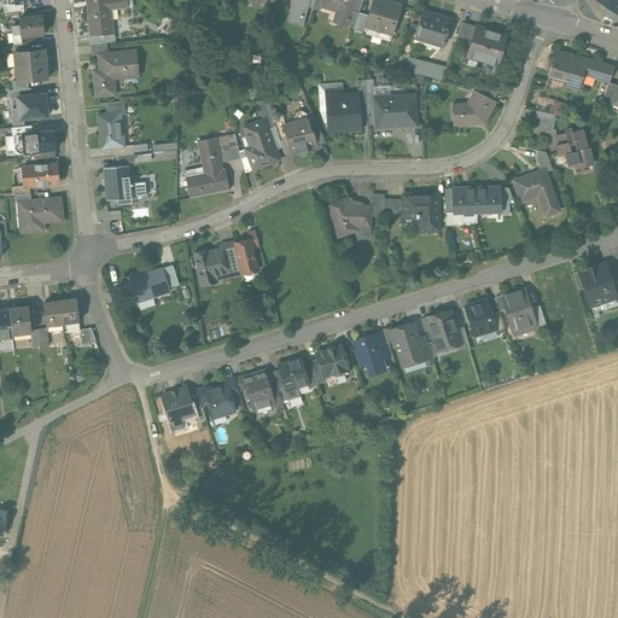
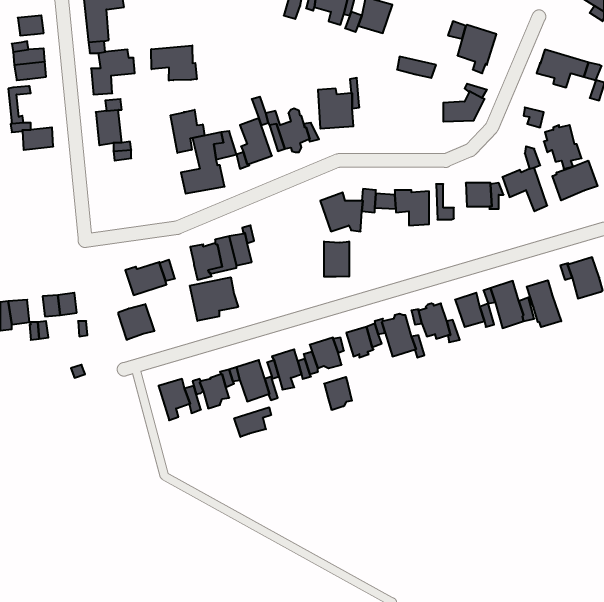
building: [415,11,450,42] -> none
building: none -> [151,45,197,81]
building: [17,94,47,119] -> none
building: [373,94,416,128] -> none
building: none -> [171,110,204,153]
building: [23,164,58,187] -> none
building: none -> [552,161,598,200]
building: [103,165,146,199] -> none
building: [453,187,477,223] -> none
building: [19,198,62,232] -> none
building: none -> [324,241,349,277]
building: none -> [190,277,238,321]
building: none -> [527,280,561,327]
building: none -> [118,304,154,340]
building: none -> [324,377,352,410]
building: none -> [234,407,271,437]

